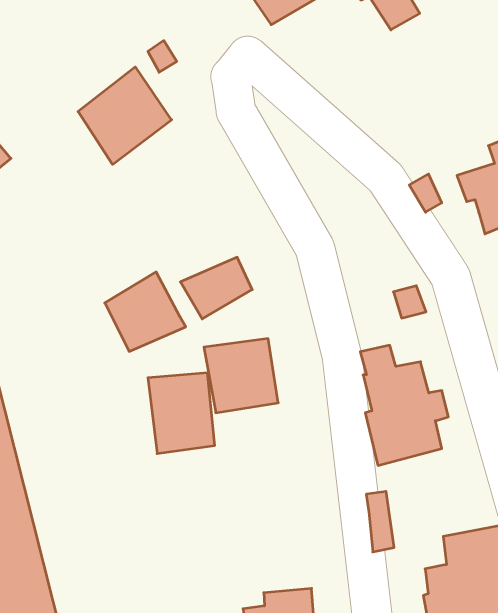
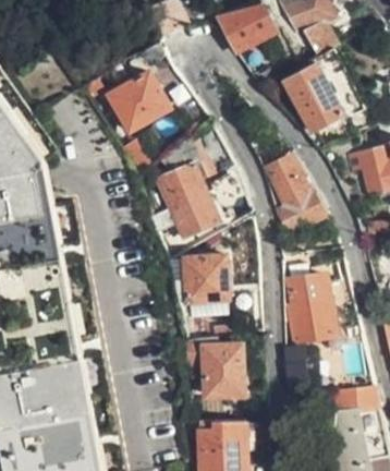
building: none -> [287,67,345,134]
building: none -> [269,161,327,239]
building: [105,272,186,351] -> [156,165,208,216]
building: [148,373,215,454] -> [203,346,244,397]

